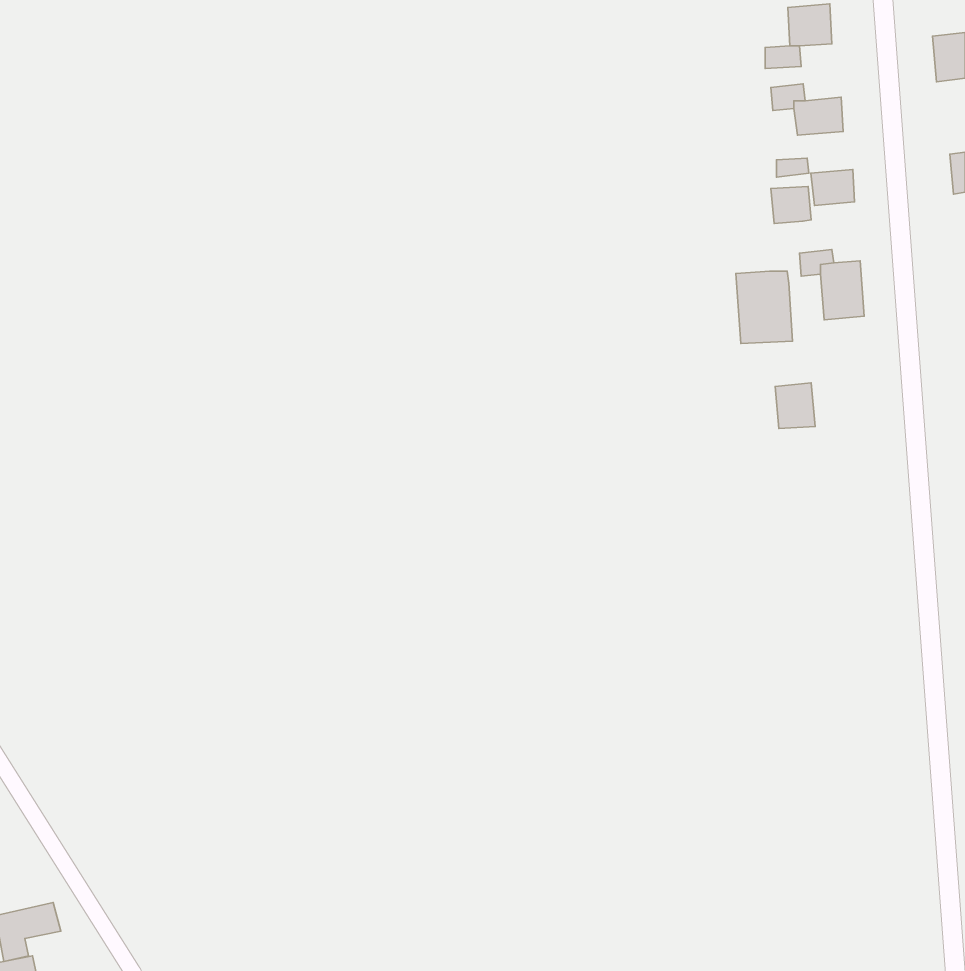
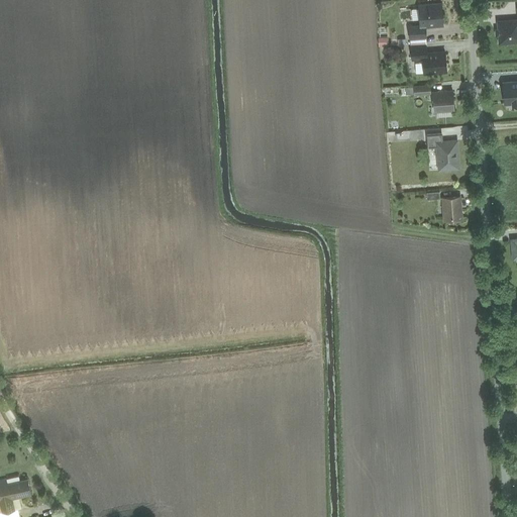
building: [771,187,811,223] -> none
building: [736,271,792,344] -> none
building: [775,383,815,429] -> [441,196,462,220]

